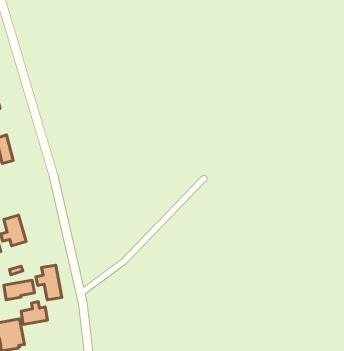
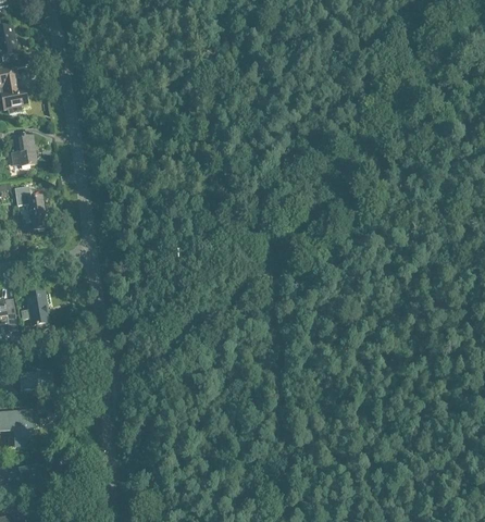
building: [36,265,62,300] -> none
building: [21,302,47,324] -> none

